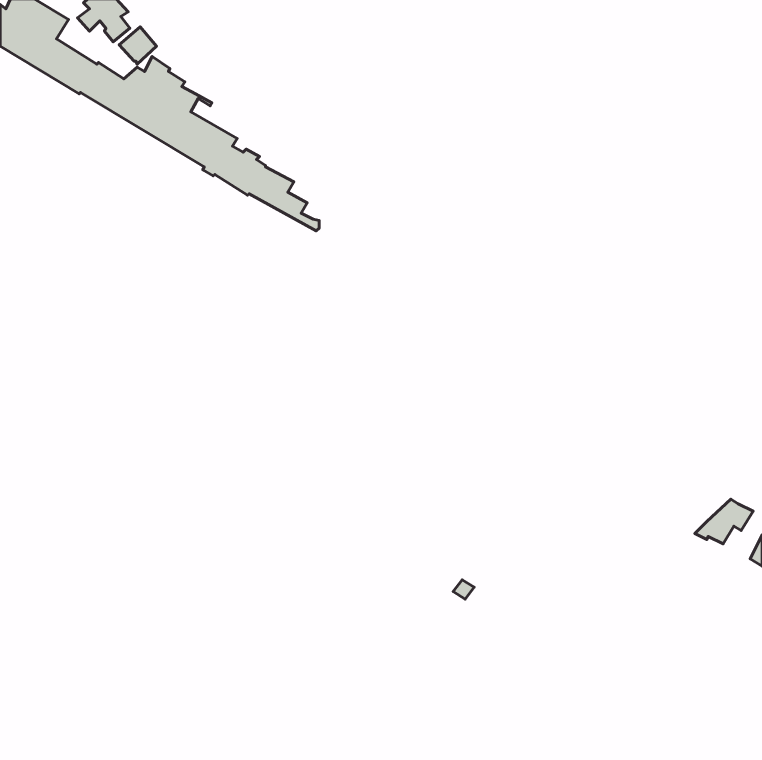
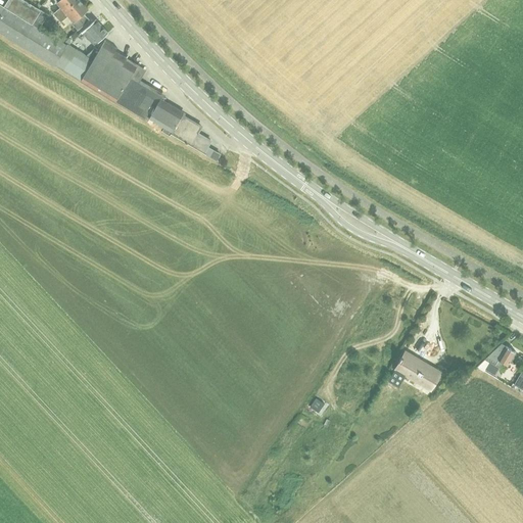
building: none -> [395,351,440,385]

